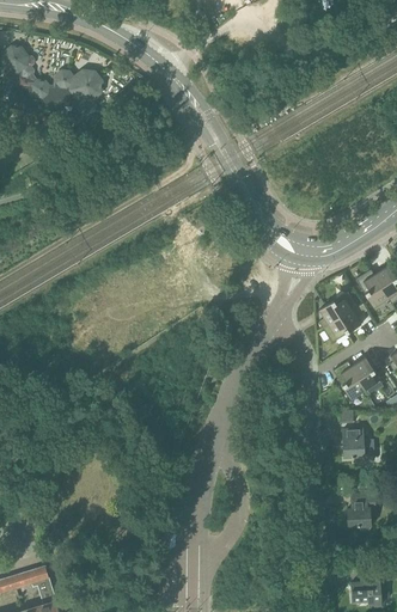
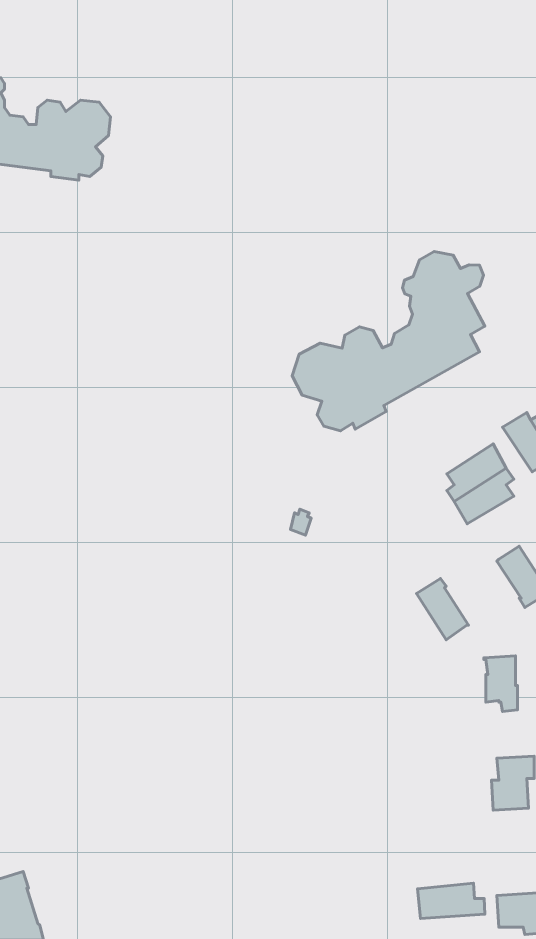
building: none -> [292,251,485,431]
building: [334,360,367,399] -> [416,579,469,640]
building: none -> [417,883,485,918]

